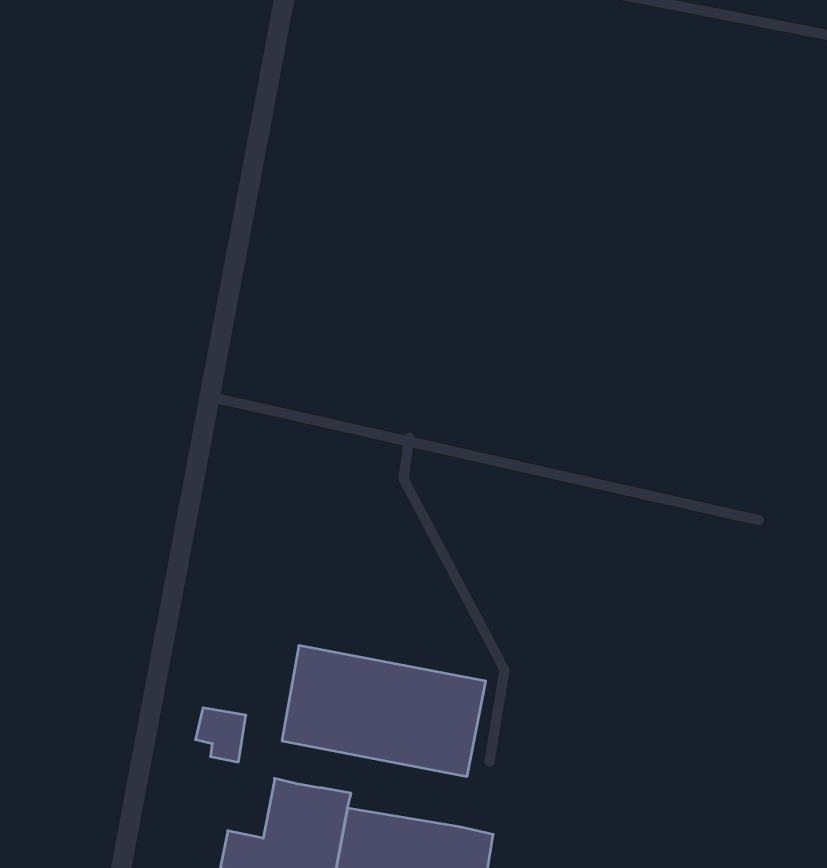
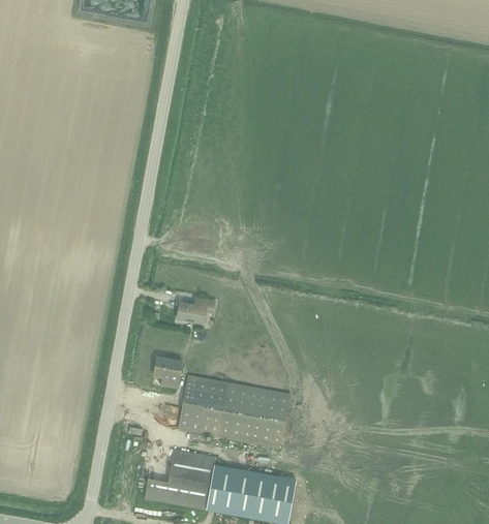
building: none -> [176,298,214,323]
building: [195,708,246,762] -> [153,358,181,388]

